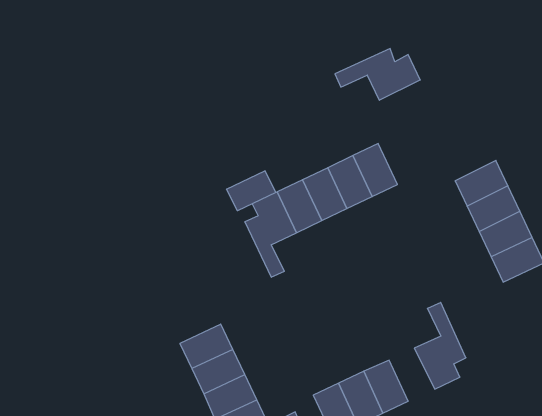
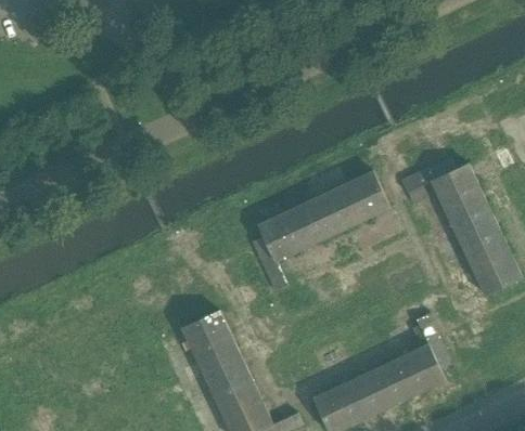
building: [335,49,420,100] -> [401,158,478,205]
building: [227,171,276,211] -> none
building: none -> [182,311,230,351]
building: none -> [382,355,423,403]

